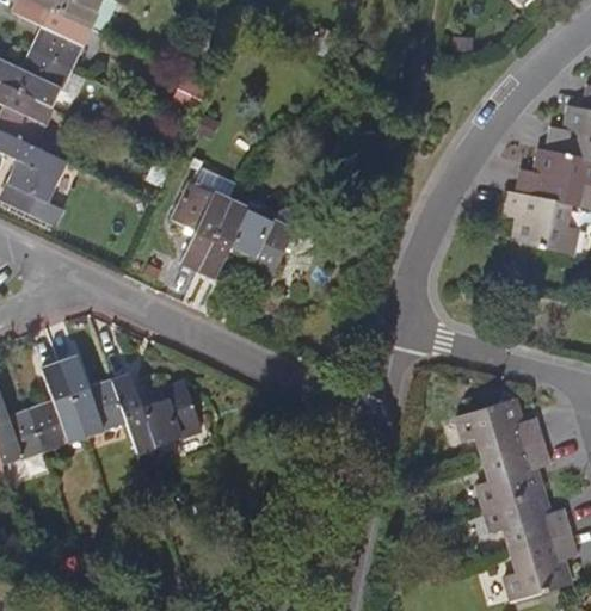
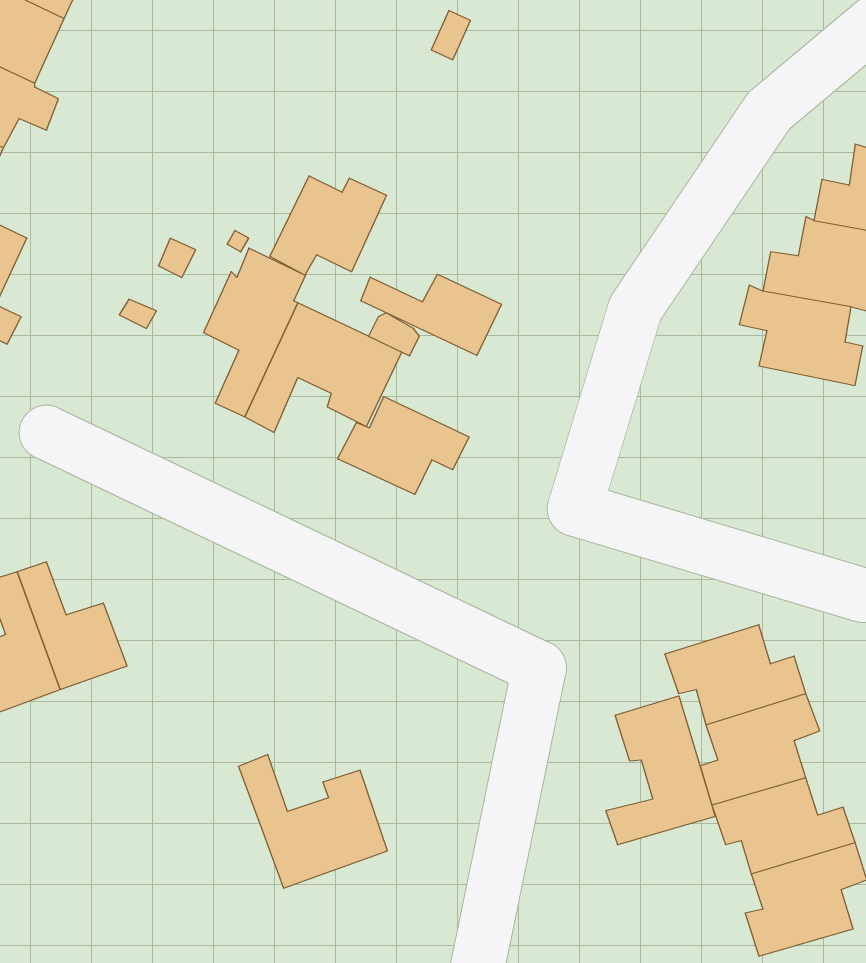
building: none -> [270,176,386,275]
building: none -> [361,274,501,356]
building: none -> [337,397,469,494]
building: [113,376,204,457] -> [238,755,387,888]
building: none -> [606,696,715,845]

